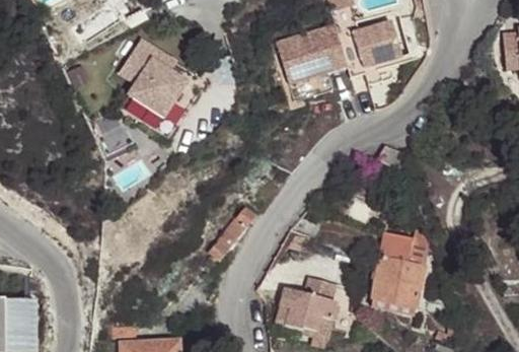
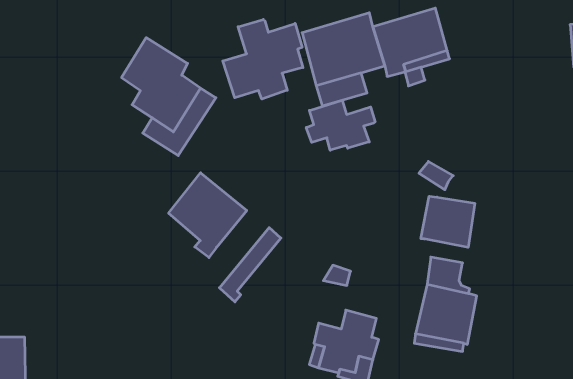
building: none -> [223,19,303,99]
building: none -> [306,100,375,150]
building: none -> [169,173,247,258]
building: none -> [421,196,475,247]

